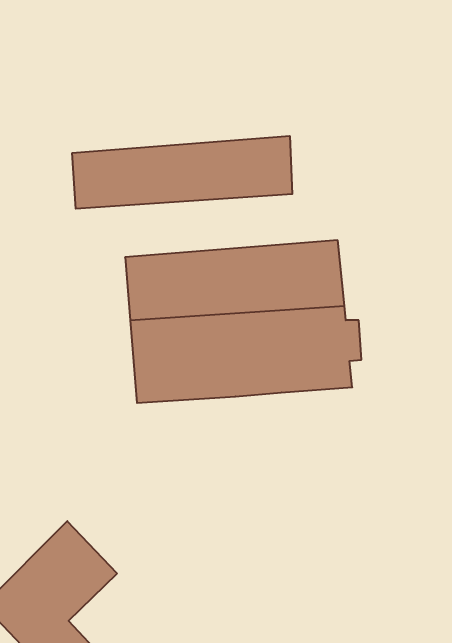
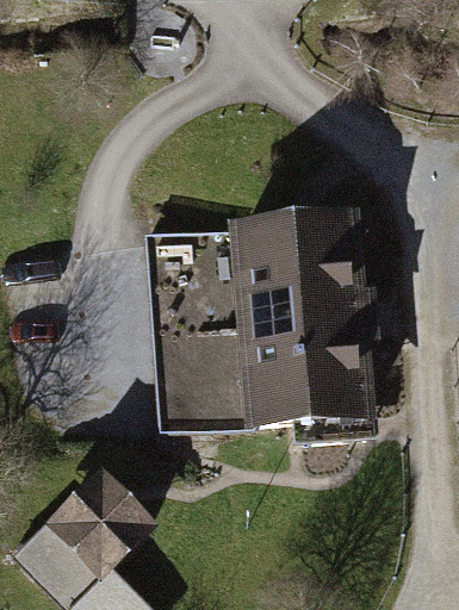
building: [72,136,292,209] -> none
building: none -> [165,354,364,438]

